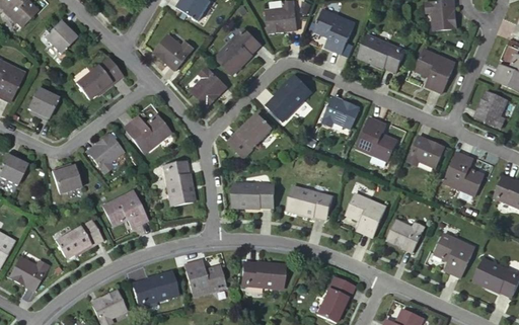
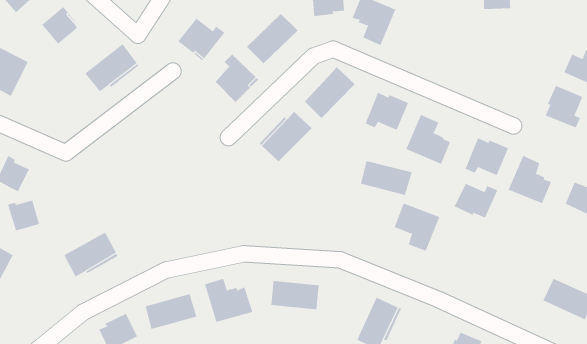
building: [361,36,407,72] -> none
building: [417,49,456,92] -> none
building: [28,86,59,118] -> none
building: [124,115,171,153] -> none
building: [88,134,125,175] -> none
building: [164,160,193,205] -> none
building: [52,162,80,189] -> [7,200,40,231]
building: [232,185,275,208] -> none
building: [104,187,148,225] -> none
building: [287,188,332,219] -> [360,160,412,195]
building: [386,220,425,250] -> [454,183,498,218]
building: [435,232,474,276] -> none
building: [10,253,50,288] -> none

